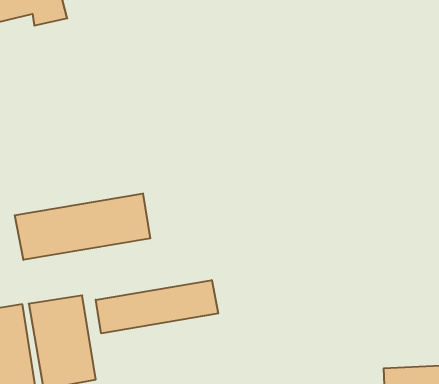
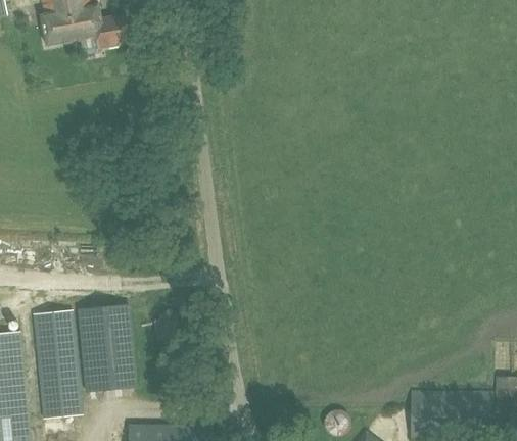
building: [15,193,150,260] -> none
building: [96,280,218,333] -> none

